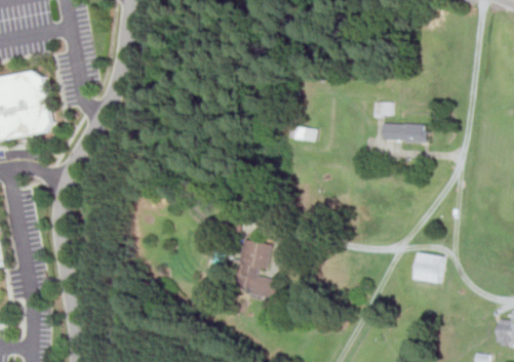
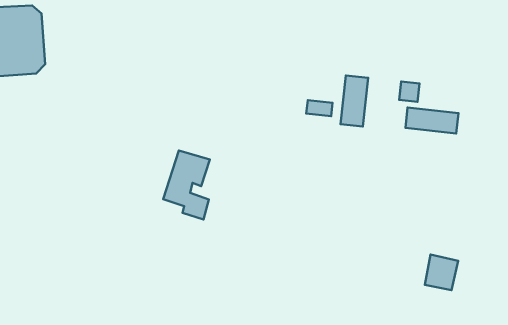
building: none -> [340,75,368,127]
building: [234,239,275,298] -> [163,150,210,220]

